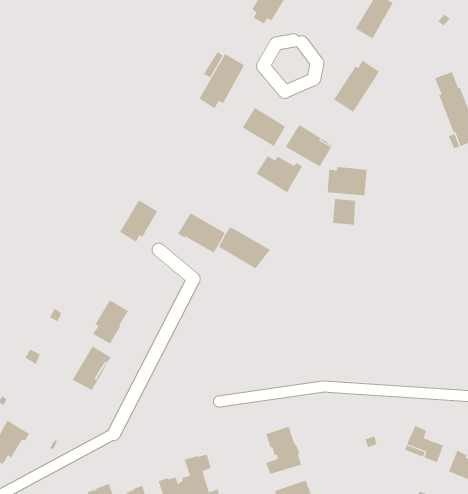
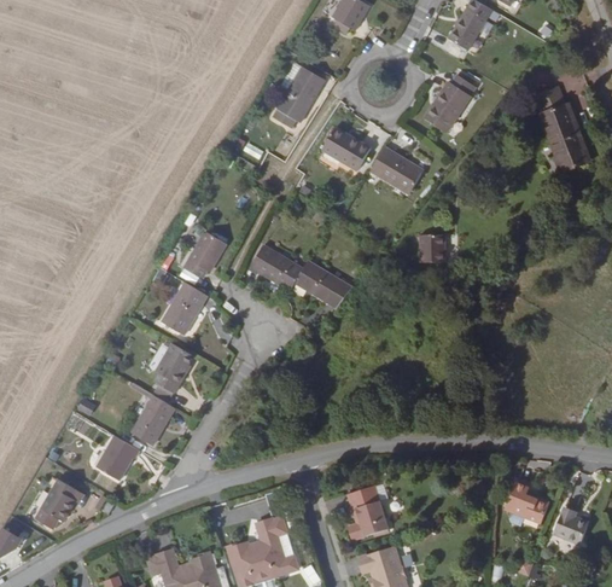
building: [256,155,303,193] -> none
building: [327,166,367,196] -> none
building: none -> [161,281,208,335]
building: none -> [95,434,140,480]

